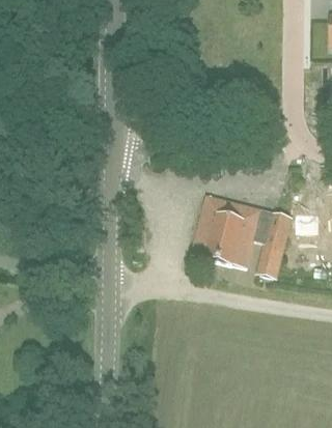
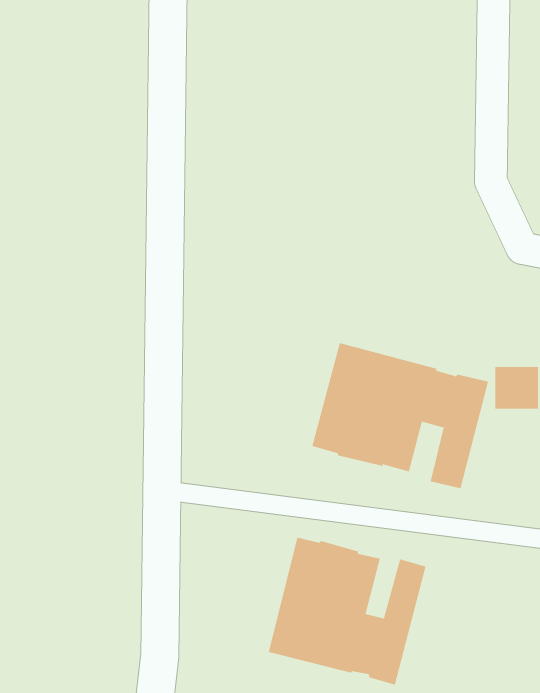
building: none -> [268,537,426,685]

